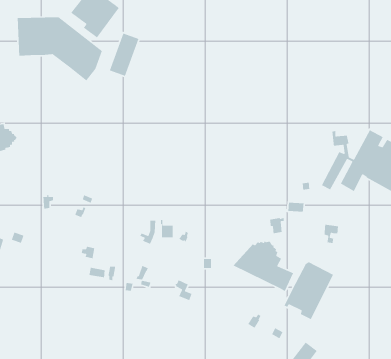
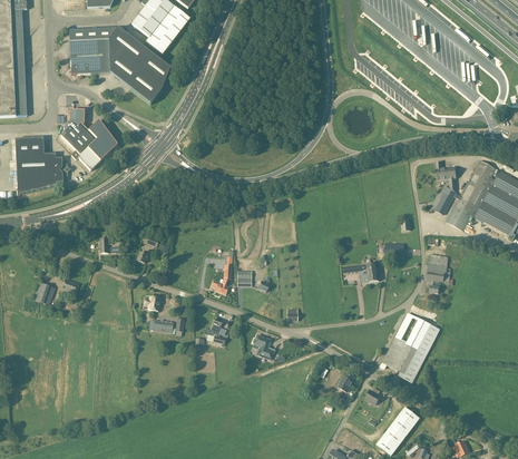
building: [109,33,140,77] -> none
building: none -> [65,108,118,169]
building: [232,240,294,292] -> none

